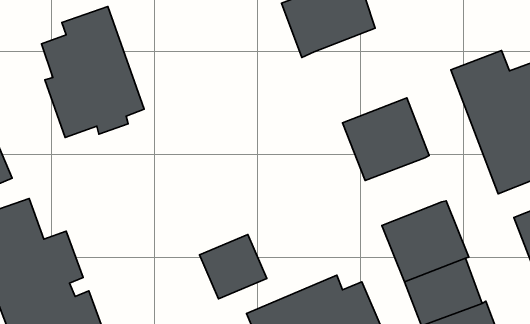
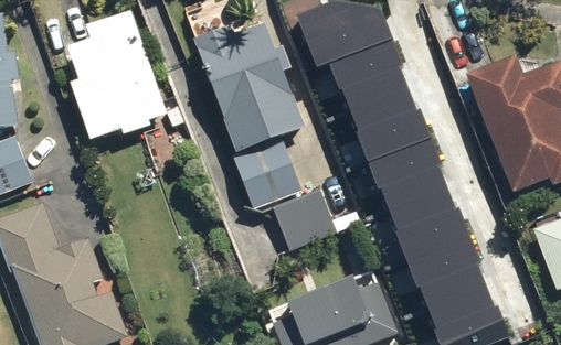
building: none -> [193,14,305,207]
building: none -> [330,34,417,127]
building: none -> [380,161,455,227]
building: [199,234,267,299] -> [271,188,337,251]

